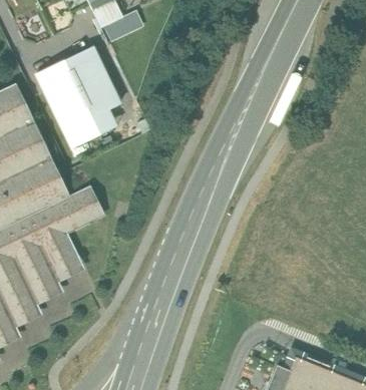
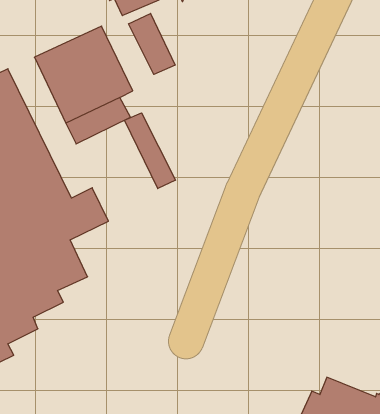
building: none -> [129,13,175,74]
building: none -> [124,113,175,189]

